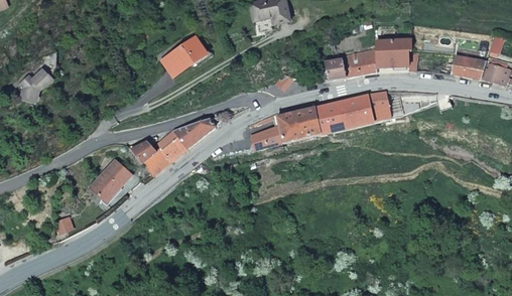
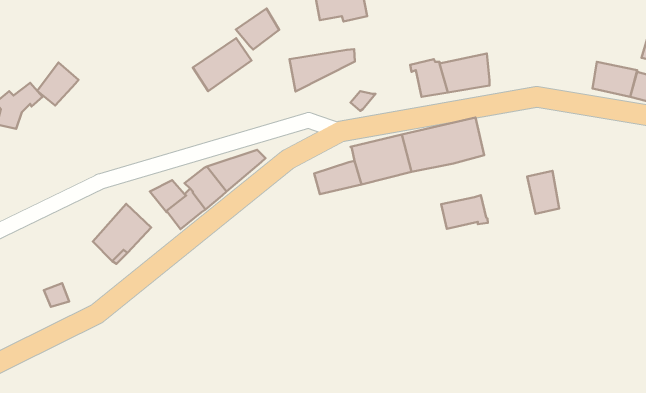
building: none -> [236,8,279,49]
building: [375,38,411,67] -> none
building: none -> [289,49,355,91]
building: none -> [37,63,79,106]
building: [368,91,391,122] -> [527,171,559,214]
building: none -> [441,195,488,229]

